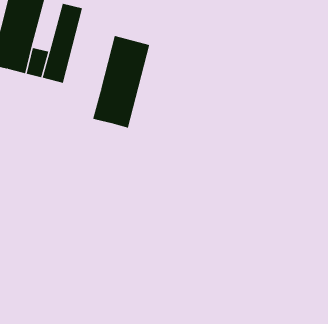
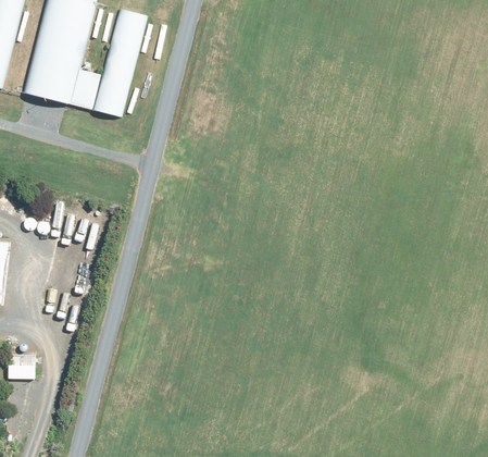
building: [93,35,150,129] -> none

